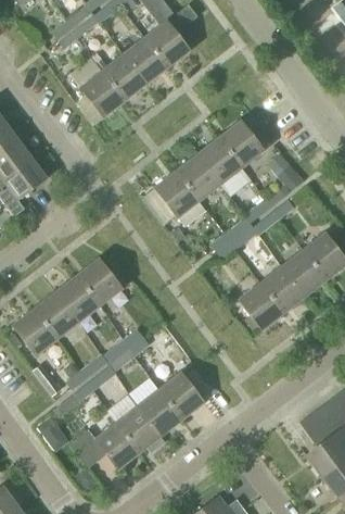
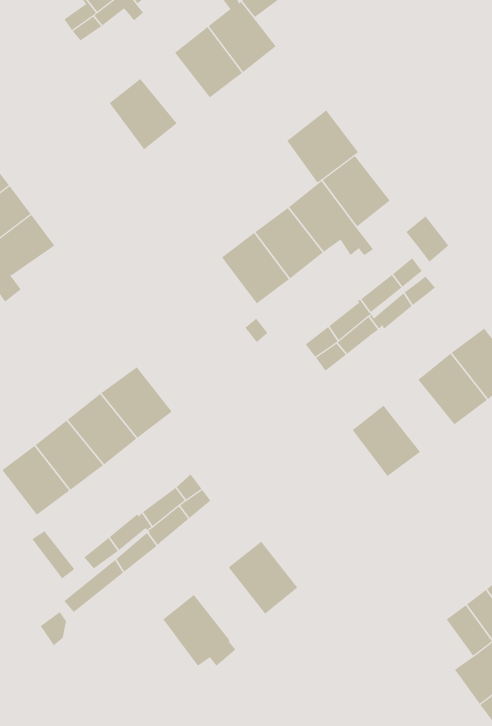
building: [103,54,148,100] -> none
building: none -> [287,109,359,183]
building: [260,266,306,313] -> none
building: [138,388,183,436] -> none
building: [60,422,140,469] -> none

